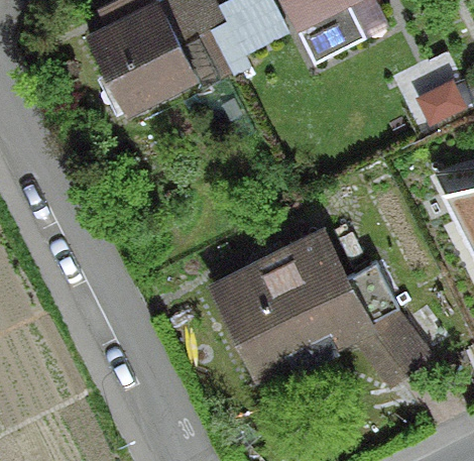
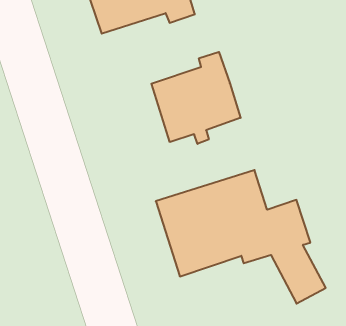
building: none -> [151,52,241,144]

